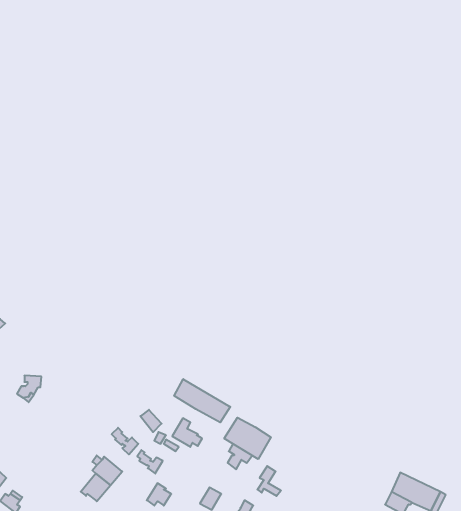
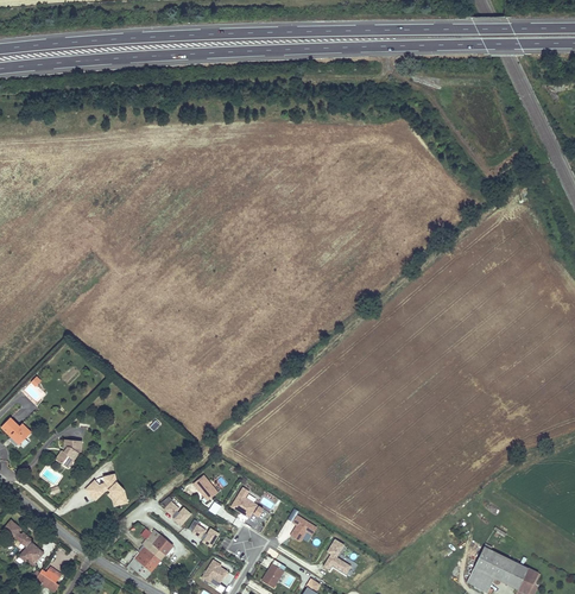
building: [174,379,230,422] -> none
building: none -> [84,473,128,506]
building: [224,418,271,459] -> none

